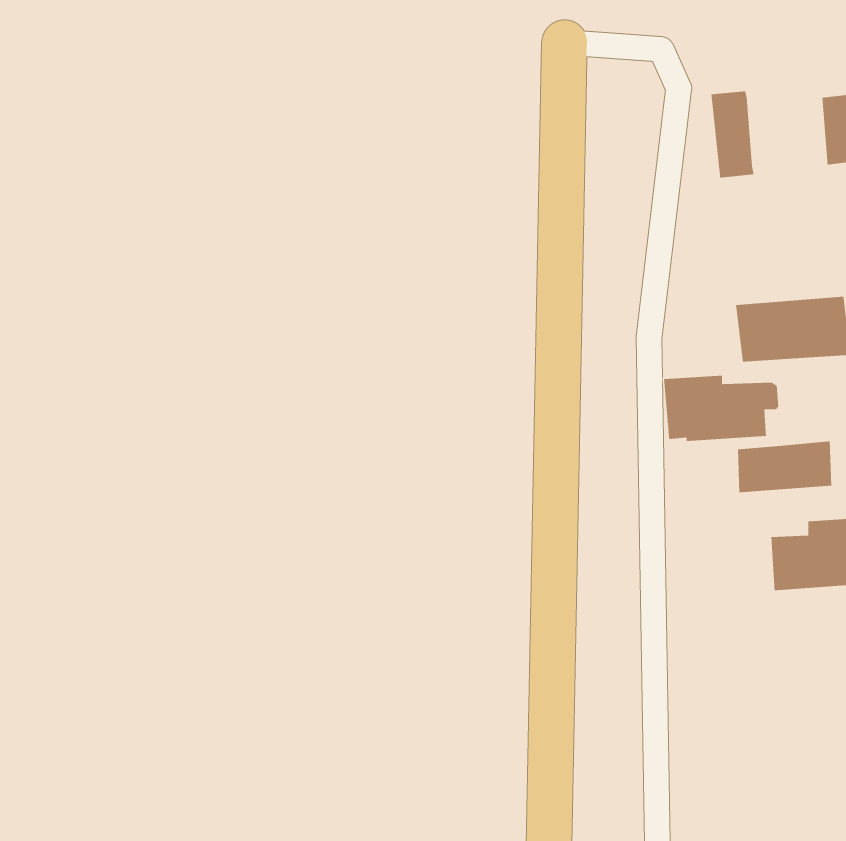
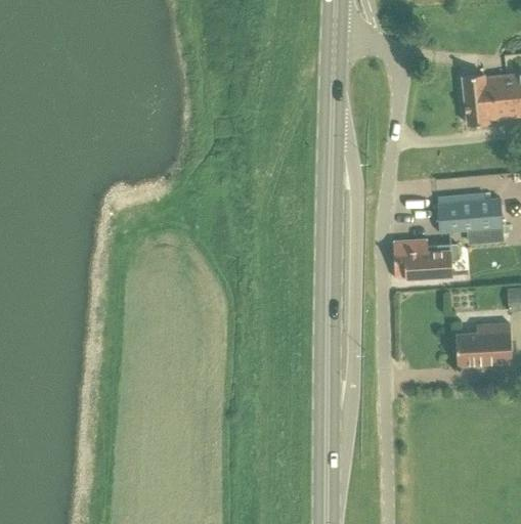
building: [711,90,755,178] -> [464,74,489,125]
building: [737,440,832,493] -> none

